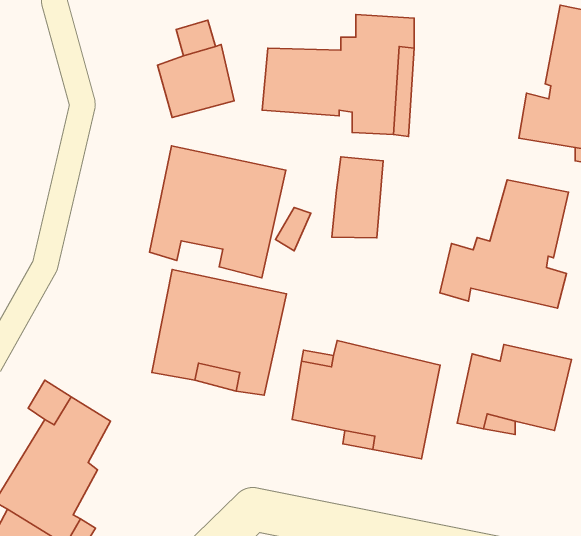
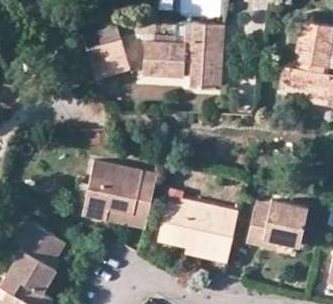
building: [150,146,286,278] -> none
building: [332,157,383,238] -> none
building: [440,180,568,308] -> none

